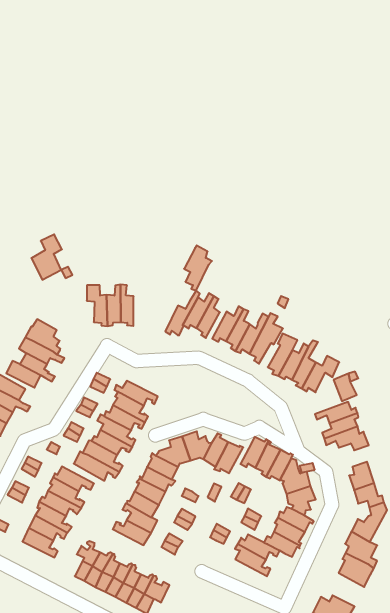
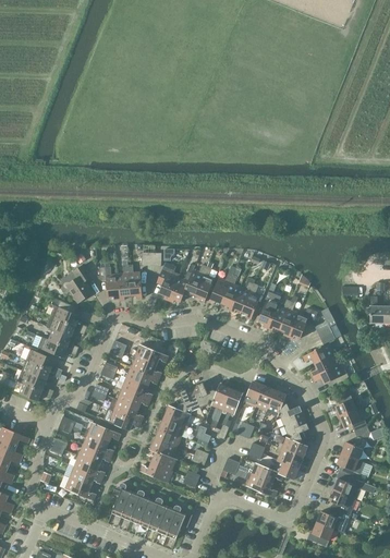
building: [31,234,62,280] -> [65,264,92,303]
building: [184,245,212,291] -> [156,262,179,300]
building: none -> [329,489,356,517]

